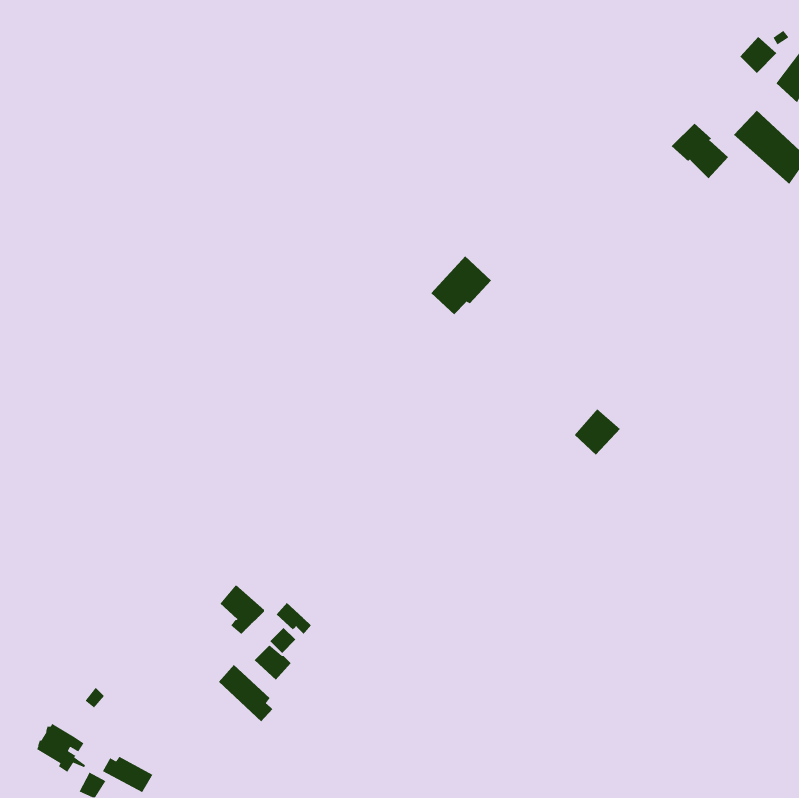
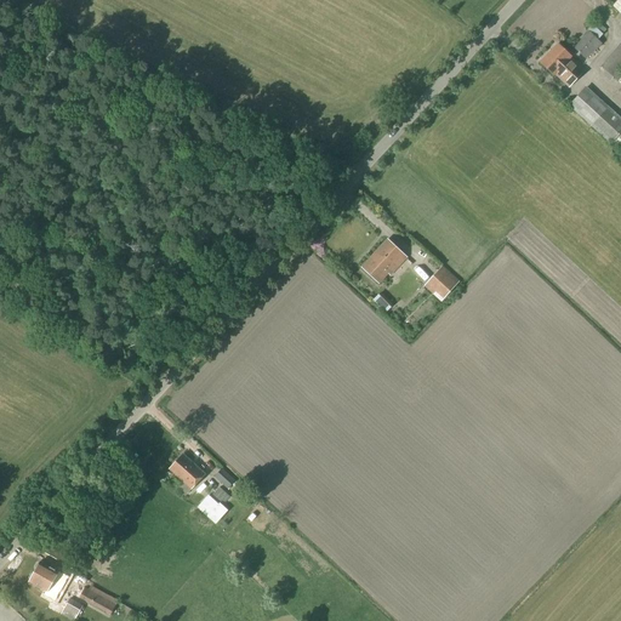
building: [671,123,729,179] -> [541,42,586,86]
building: [431,256,492,315] -> [361,237,409,283]
building: [574,408,621,455] -> [425,264,461,301]
building: [218,664,273,722] -> none

